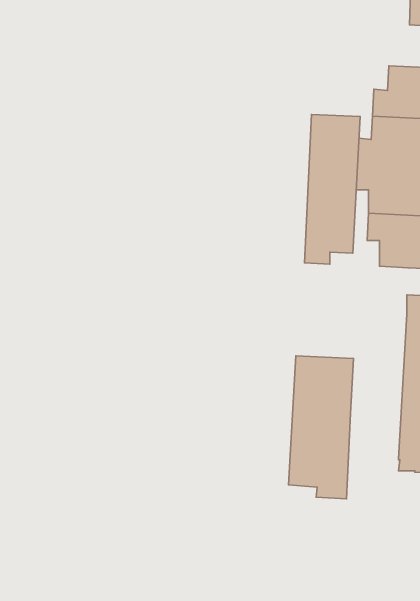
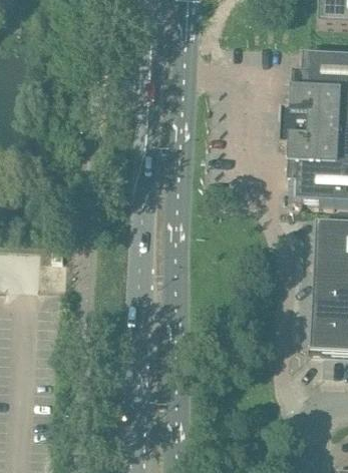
building: [304,114,360,264] -> none
building: [289,356,354,499] -> none

